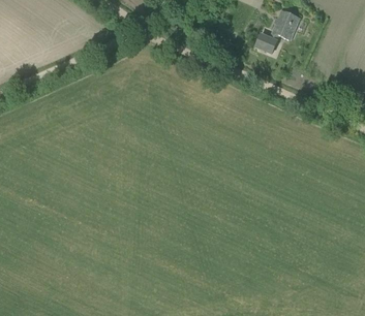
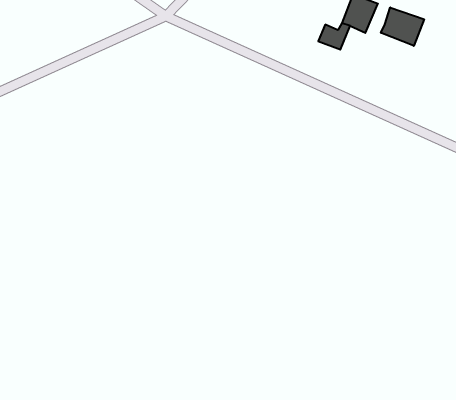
building: none -> [381,7,424,46]

